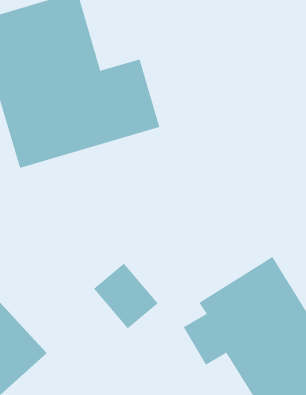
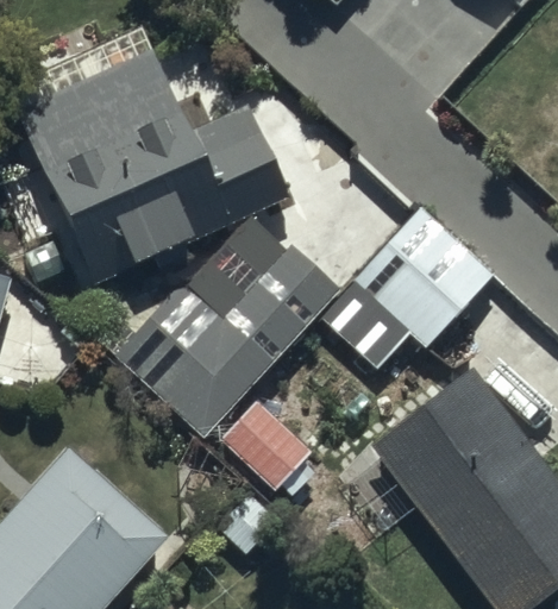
building: none -> [324,209,494,368]
building: none -> [118,243,340,437]

